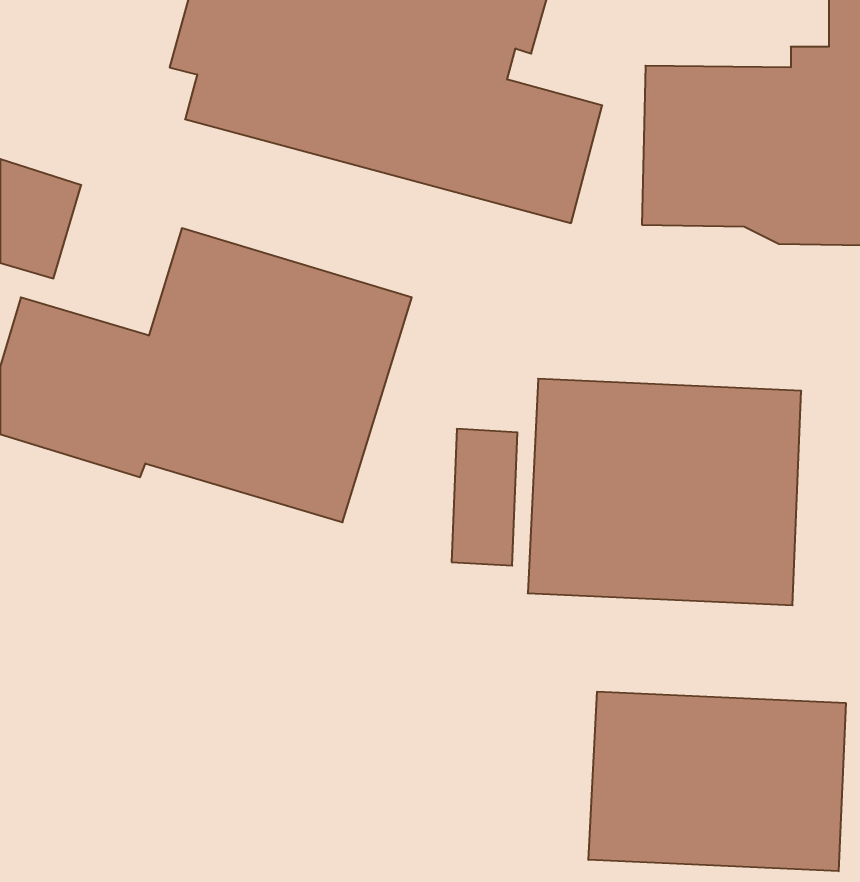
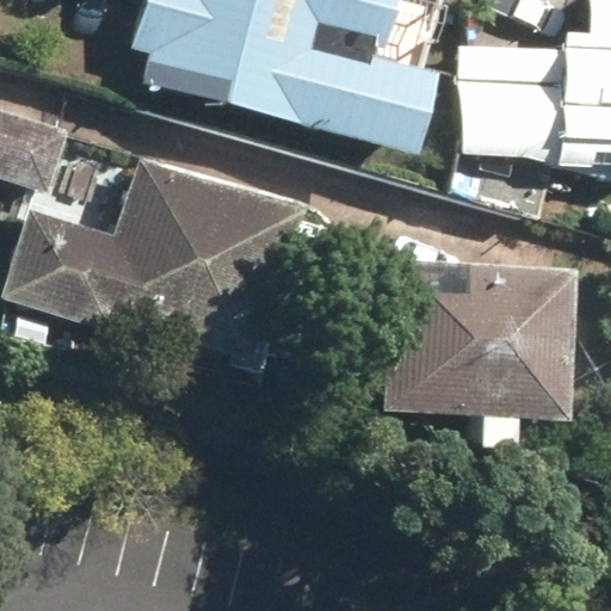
building: [588,692,846,871] -> none

